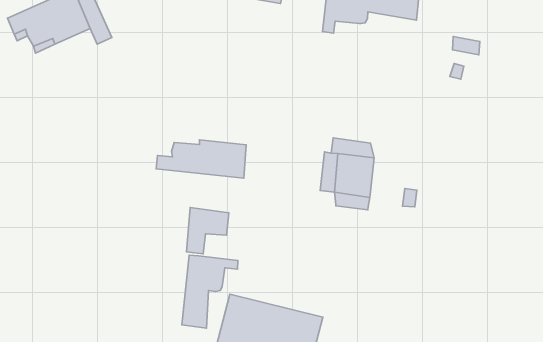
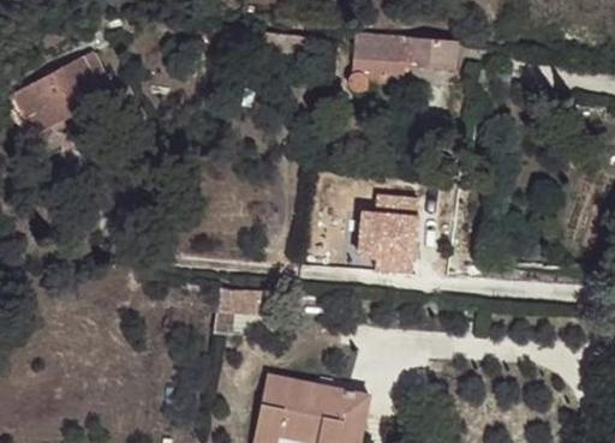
building: [156,140,246,178] -> none
building: [182,255,238,328] -> none

